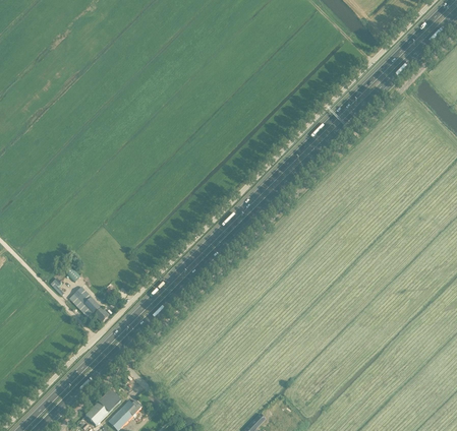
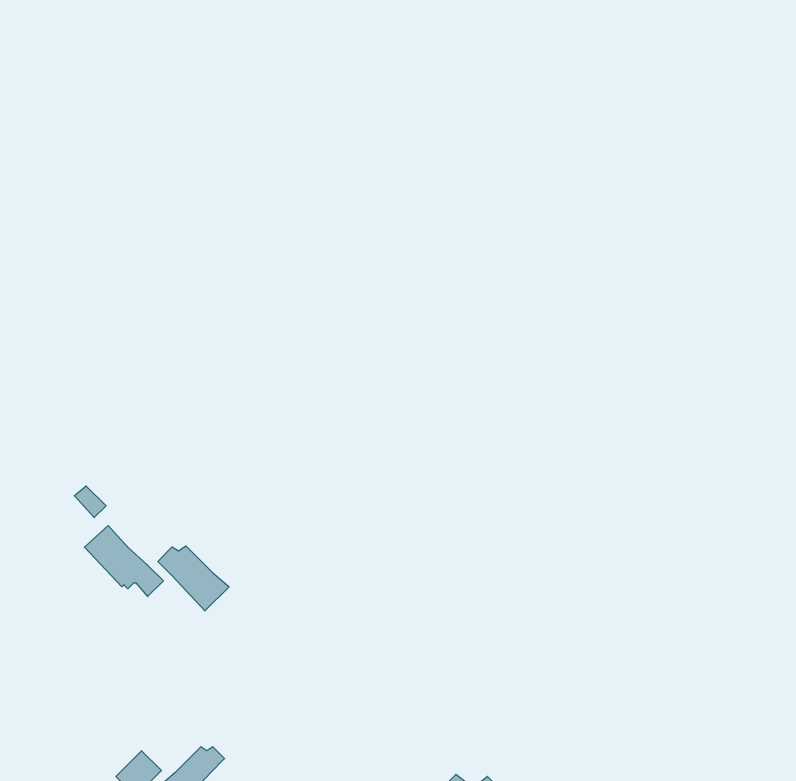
building: none -> [158,546,229,611]

